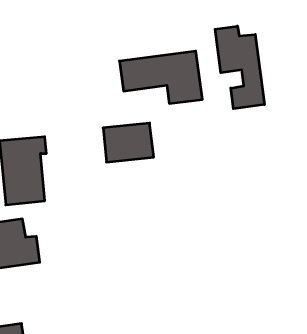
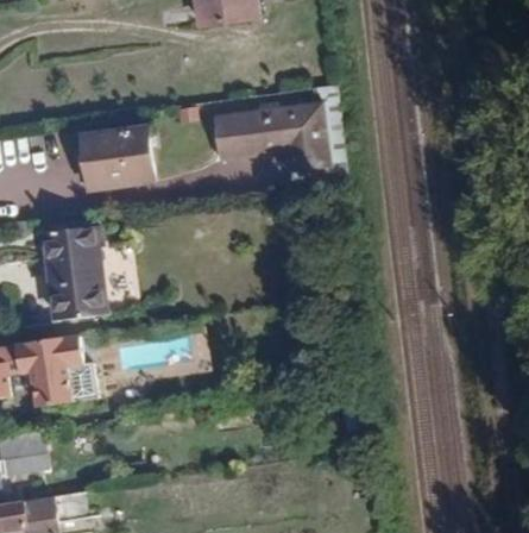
building: [215,26,264,109] -> none
building: [103,123,154,162] -> [83,131,156,187]

